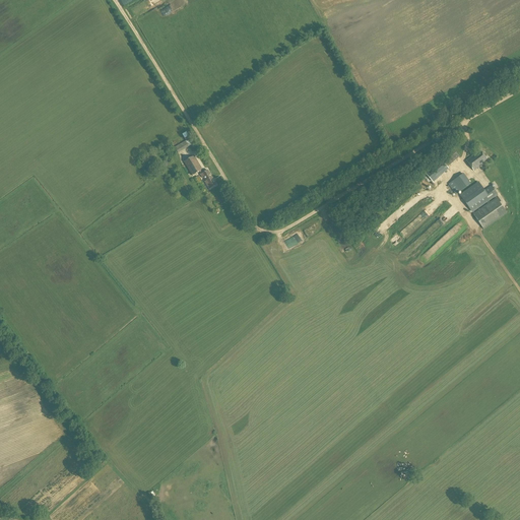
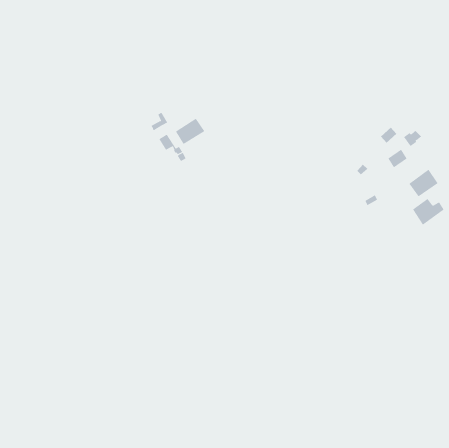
building: none -> [175,118,205,145]
building: [459,180,497,211] -> [412,198,445,225]

